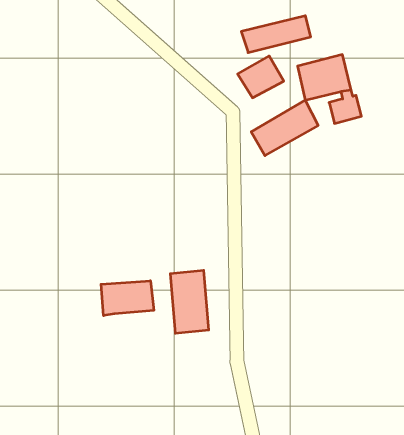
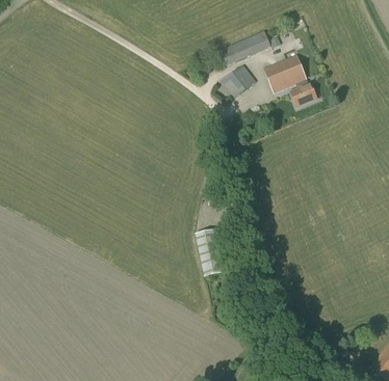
building: [251,100,318,156] -> none
building: [101,281,154,316] -> none

